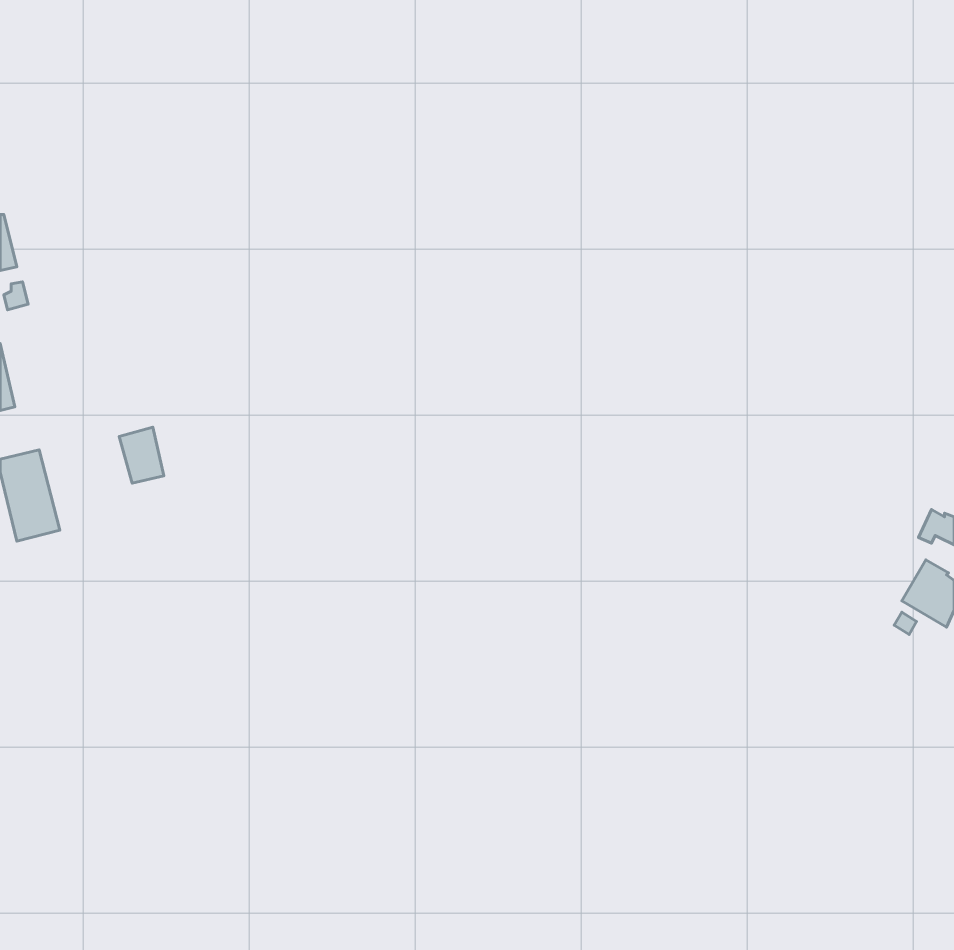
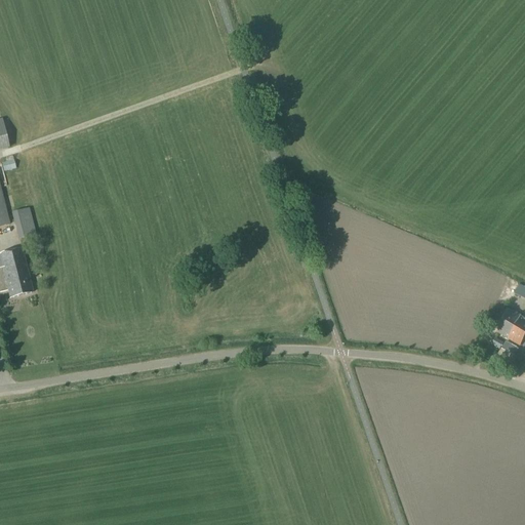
building: [119,427,164,483] -> [11,207,36,238]

